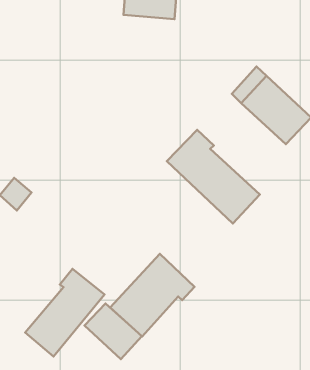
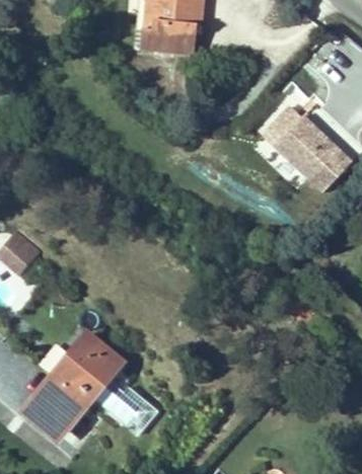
building: [167,130,260,223] -> none
building: [110,254,194,337] -> none

